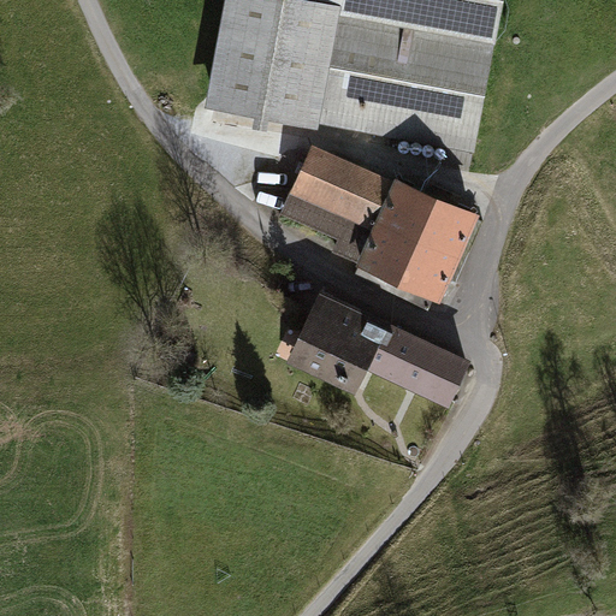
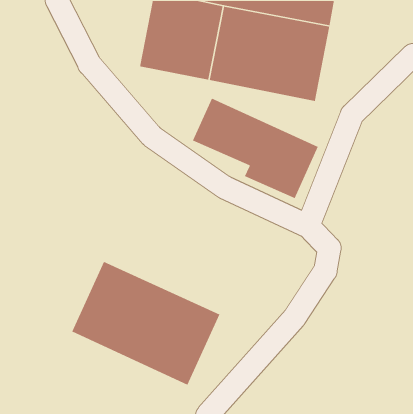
building: [285,288,468,403] -> none
building: none -> [71,261,221,386]

